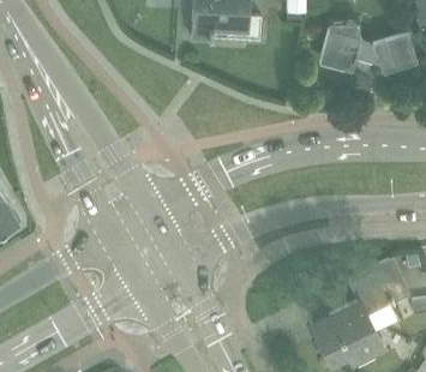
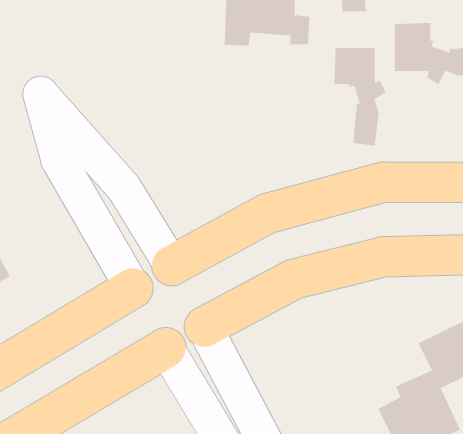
building: none -> [334,47,387,147]

